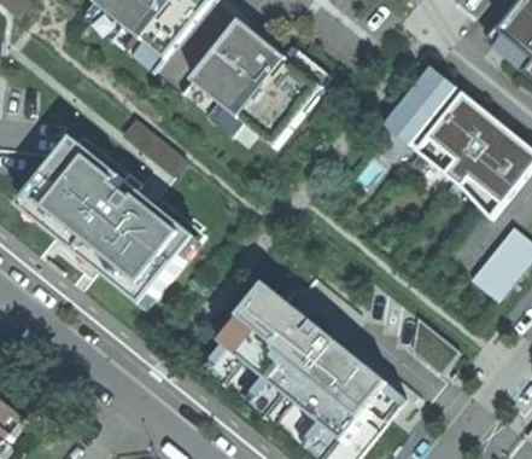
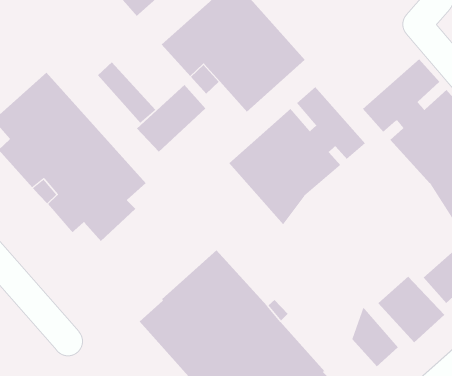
building: none -> [229,86,366,225]
building: none -> [136,84,206,153]
building: none -> [378,276,445,343]

